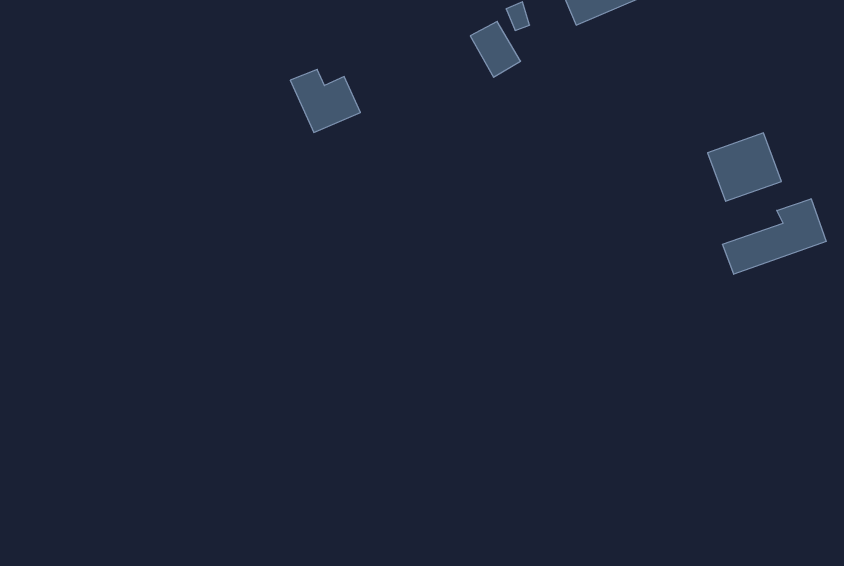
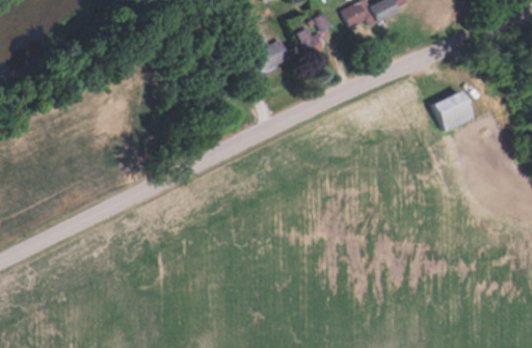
building: [290,69,360,132] -> [248,35,289,72]
building: [722,199,826,274] -> none

